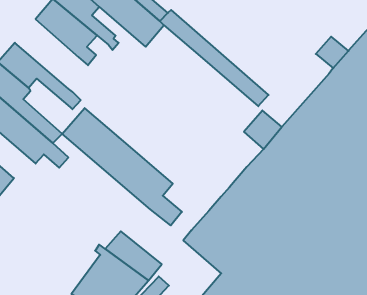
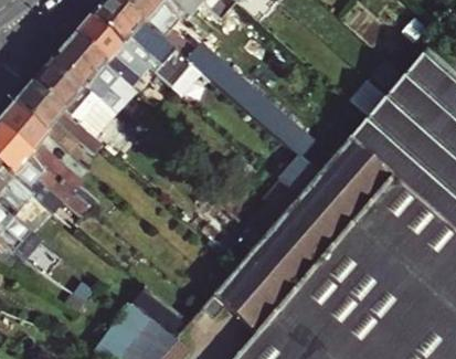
building: none -> [34,57,103,133]
building: [62,108,182,225] -> none

